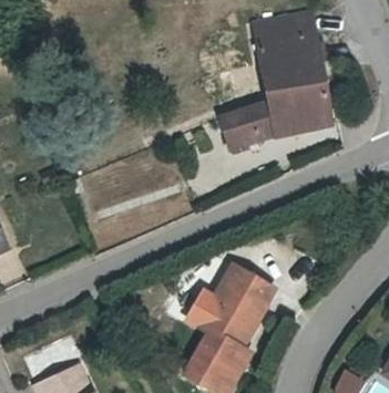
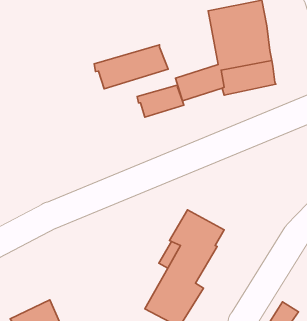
building: none -> [94,45,168,89]
building: none -> [137,85,184,117]

